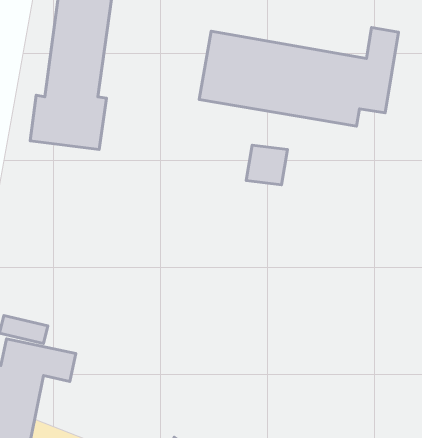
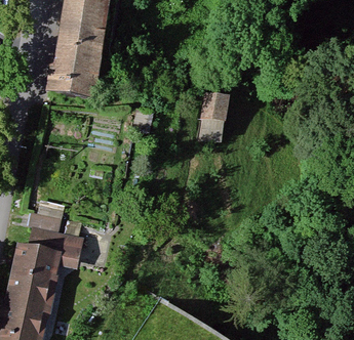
building: [199,28,399,126] -> none

